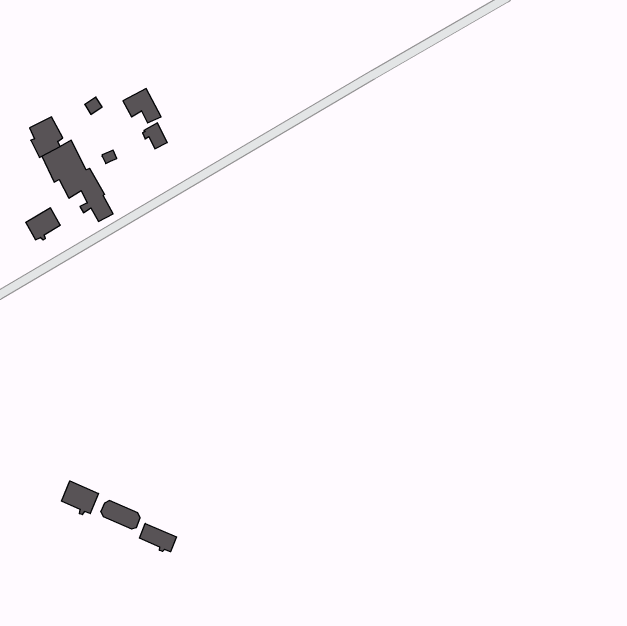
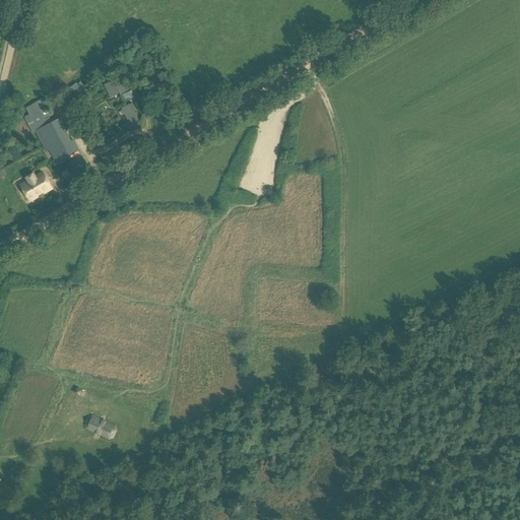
building: [61,481,98,515] -> none
building: [139,523,176,552] -> none

